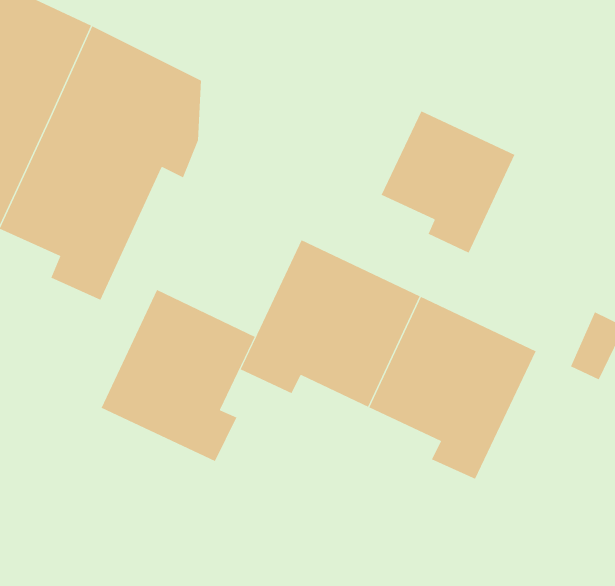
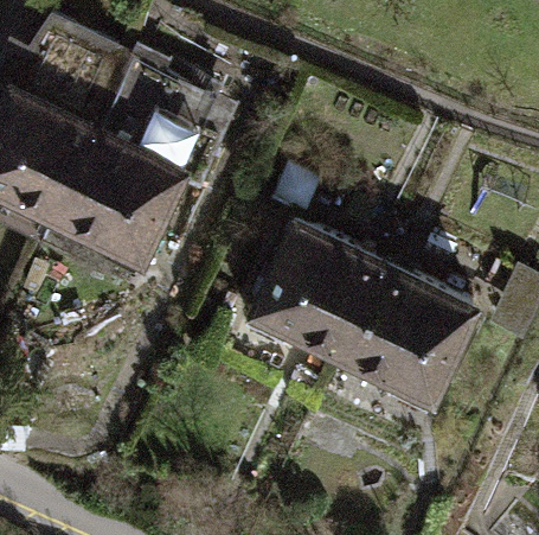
building: [381,111,515,253] -> none
building: [101,289,255,462] -> none

